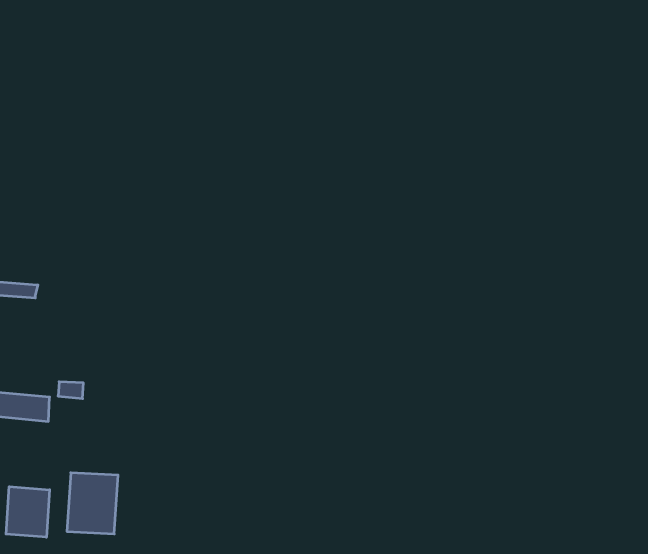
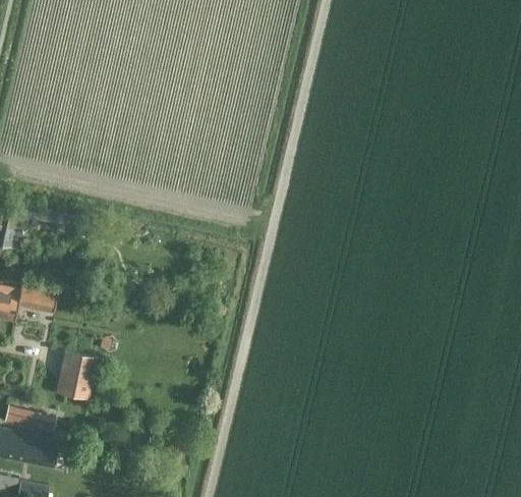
building: [6,487,50,537] -> none

